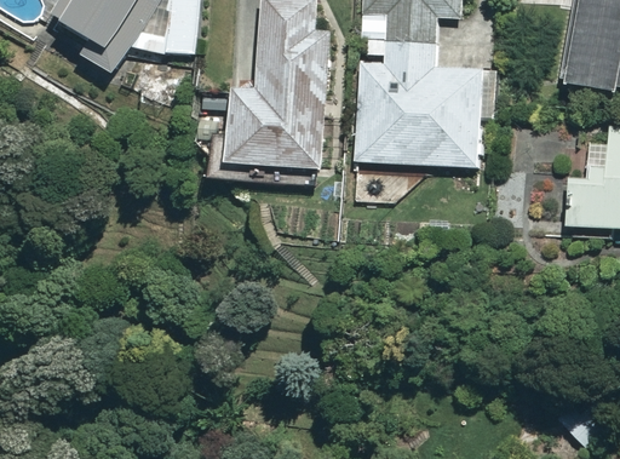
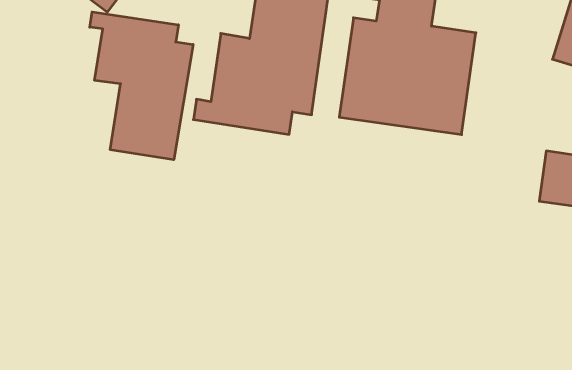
building: none -> [90,12,193,160]

